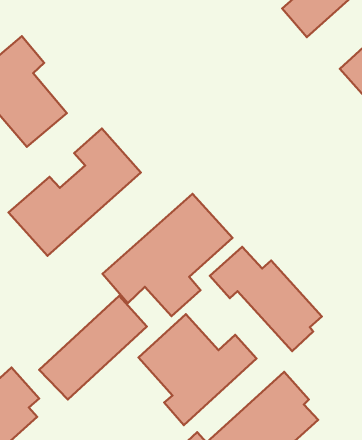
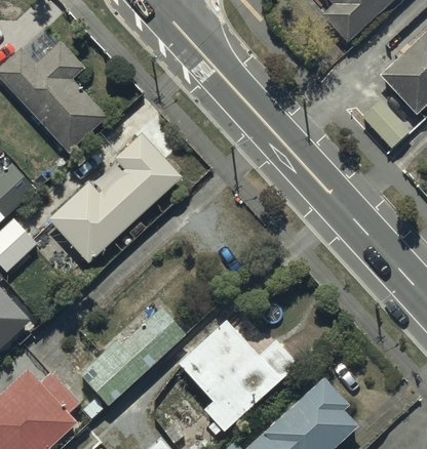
building: [102,194,232,316] -> none
building: [210,247,322,351] -> none

